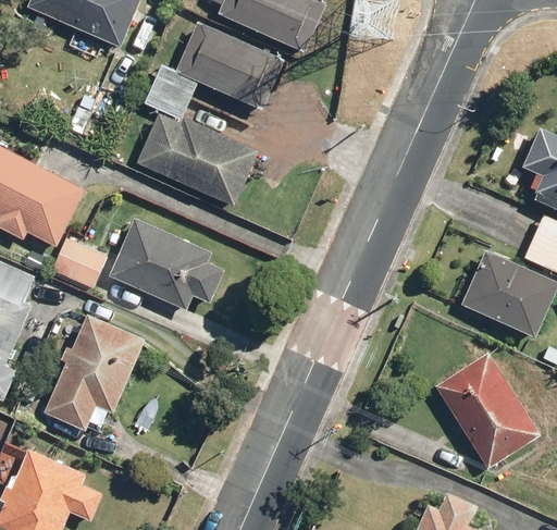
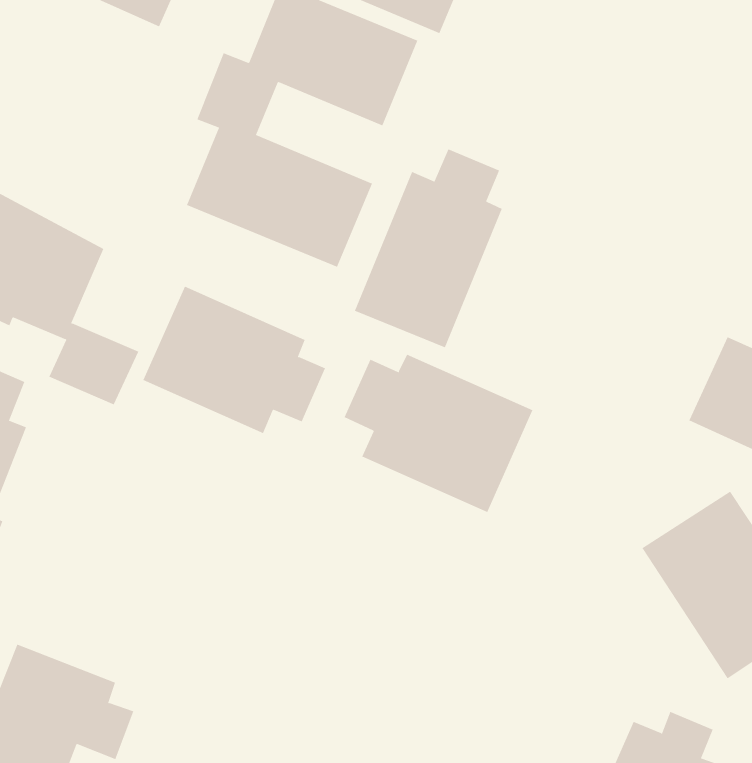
building: none -> [354,149,503,348]
building: none -> [344,354,533,513]
building: [46,313,141,430] -> none

